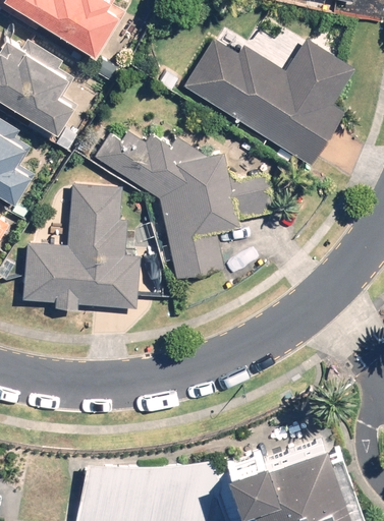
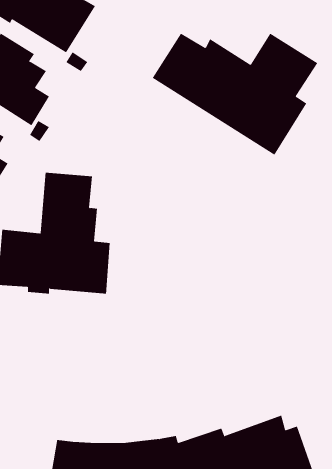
building: [95,132,273,280] -> none

